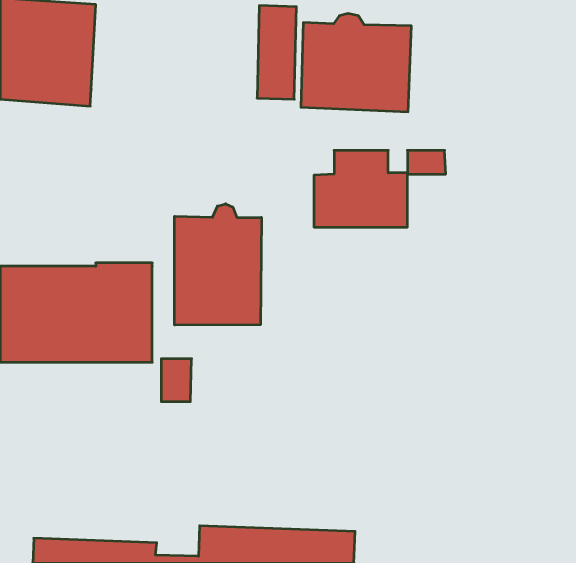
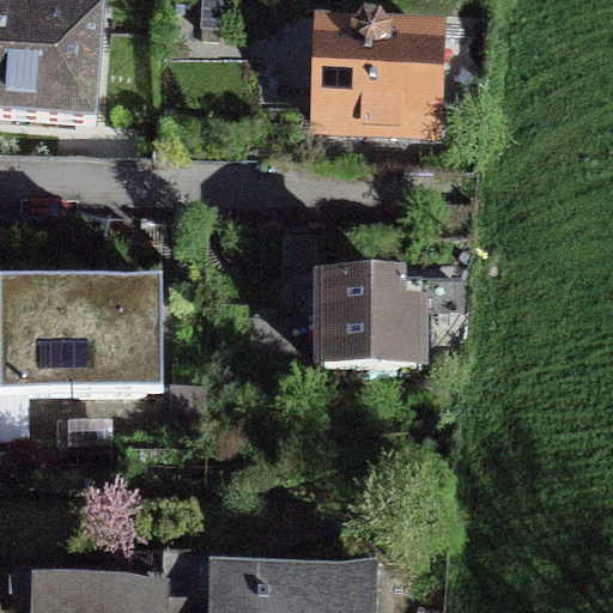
building: [314,150,446,227] -> [321,273,461,354]
building: [175,204,261,325] -> none

